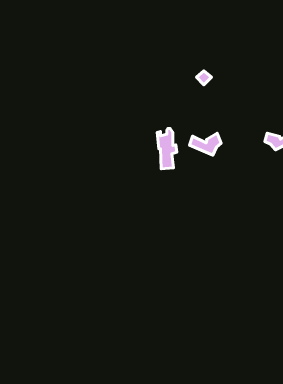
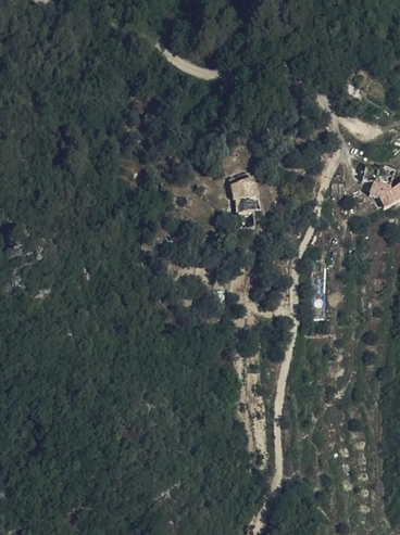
building: [189,133,221,155] -> none

